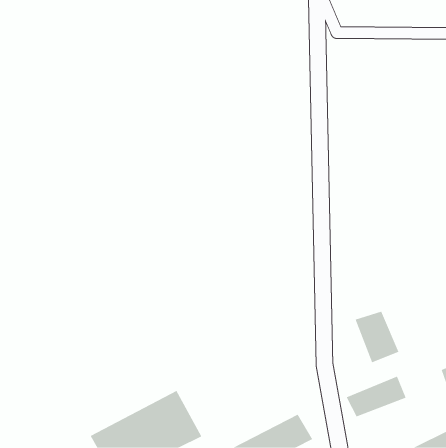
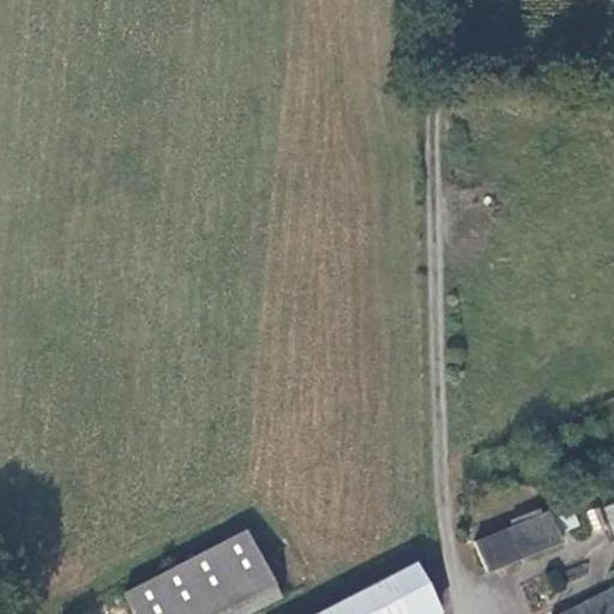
building: [355,311,399,363] -> none

